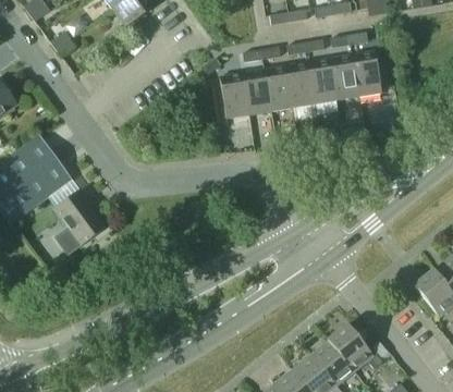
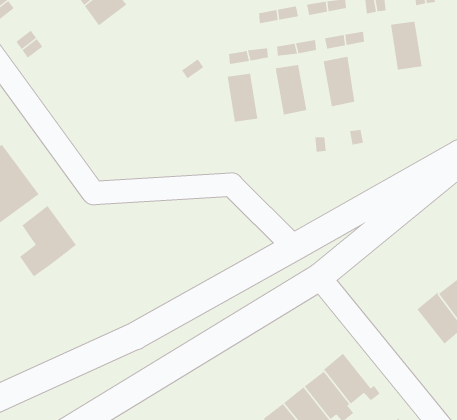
building: [352,51,381,96] -> [390,21,422,70]
building: [307,59,336,103] -> none
building: [264,65,293,111] -> none
building: [219,73,248,119] -> none

